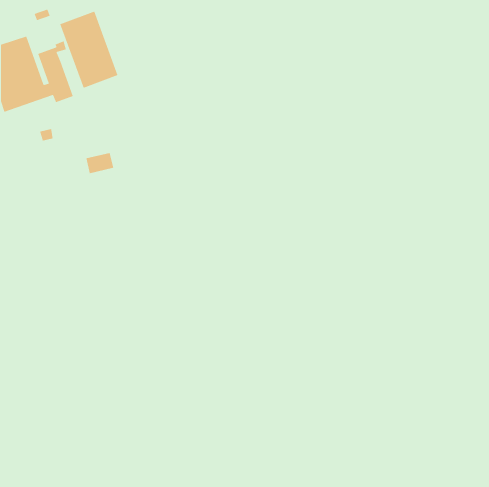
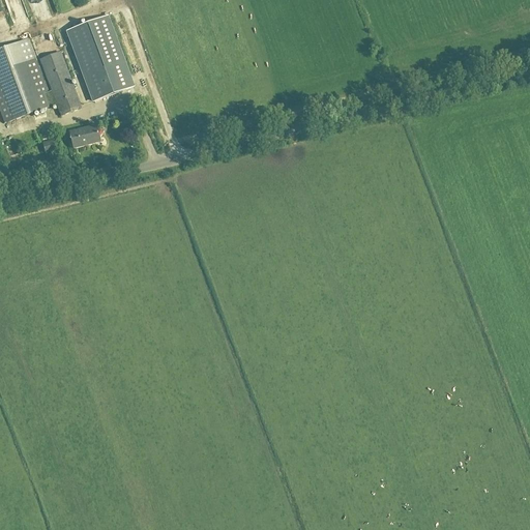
building: [85,152,114,174] -> [69,124,100,148]

